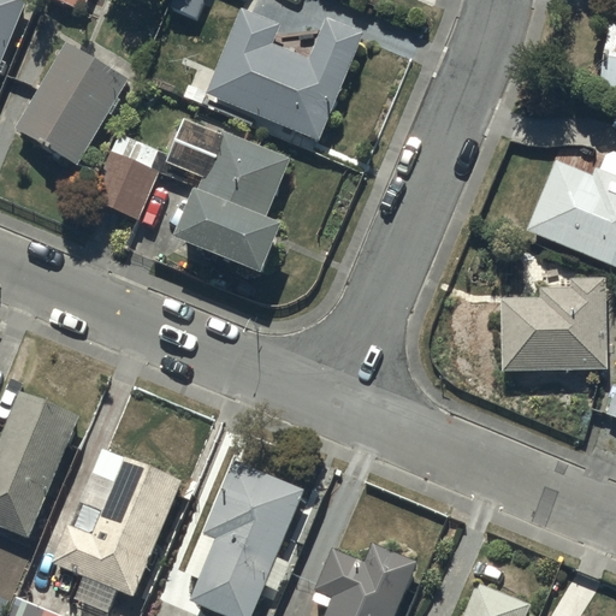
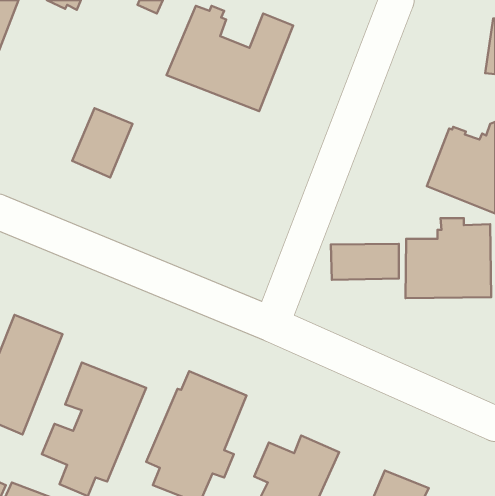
building: [13,43,129,165] -> none
building: [179,132,290,271] -> none
building: none -> [331,244,399,280]

